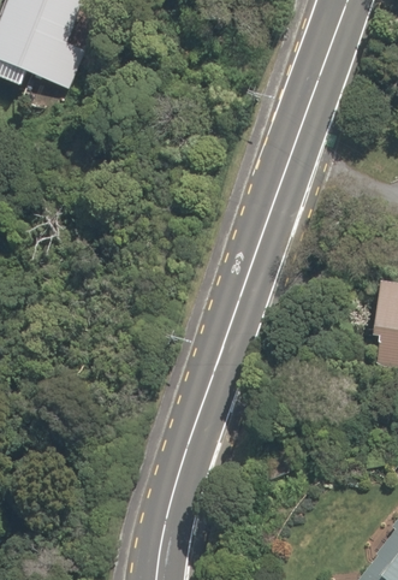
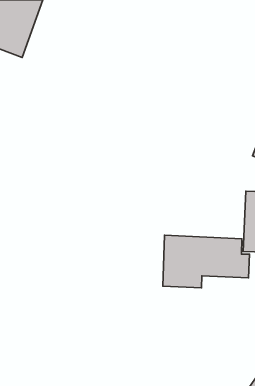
building: none -> [163,235,249,288]

